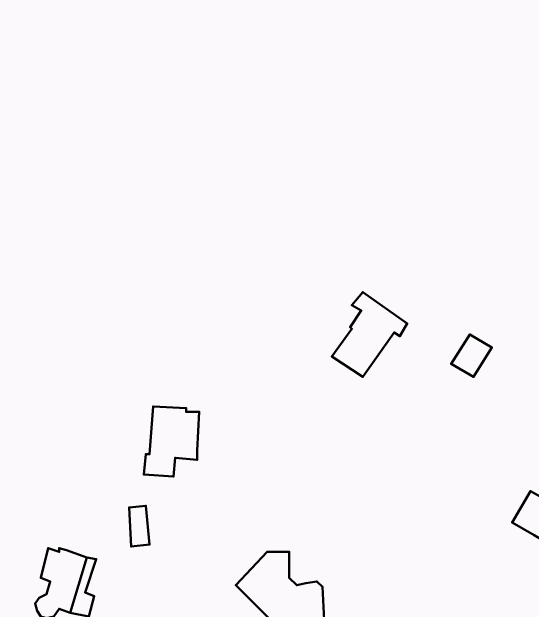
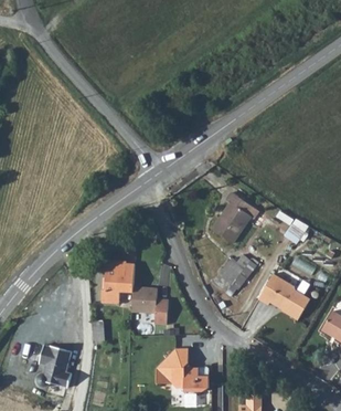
building: none -> [219,257,256,292]
building: none -> [258,273,310,319]
building: none -> [131,286,168,324]

